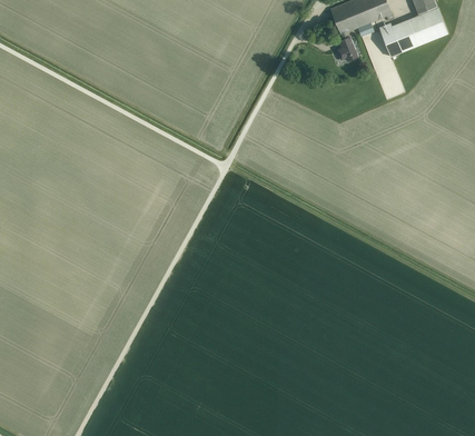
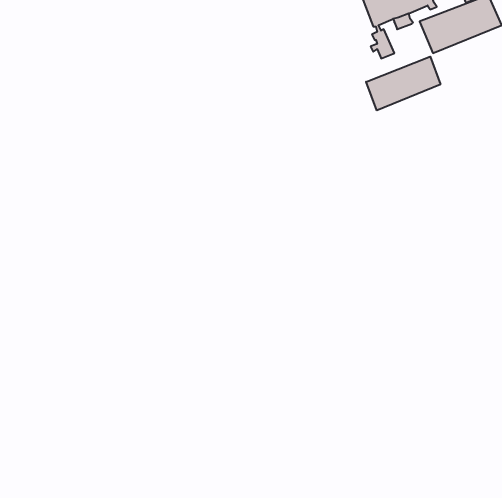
building: none -> [366,57,440,110]

